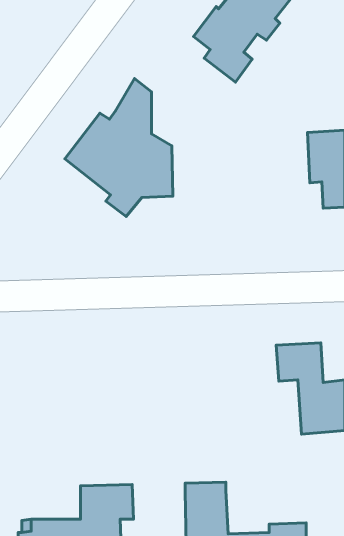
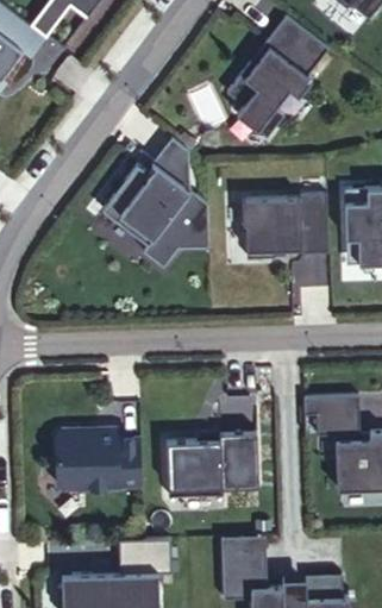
building: none -> [243,194,327,258]
building: none -> [55,430,140,491]
building: none -> [167,431,264,494]

